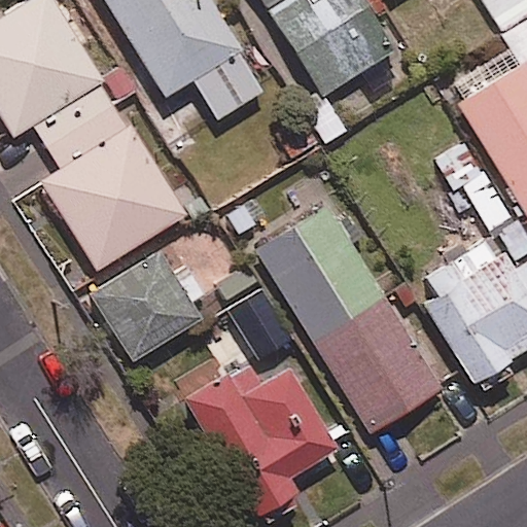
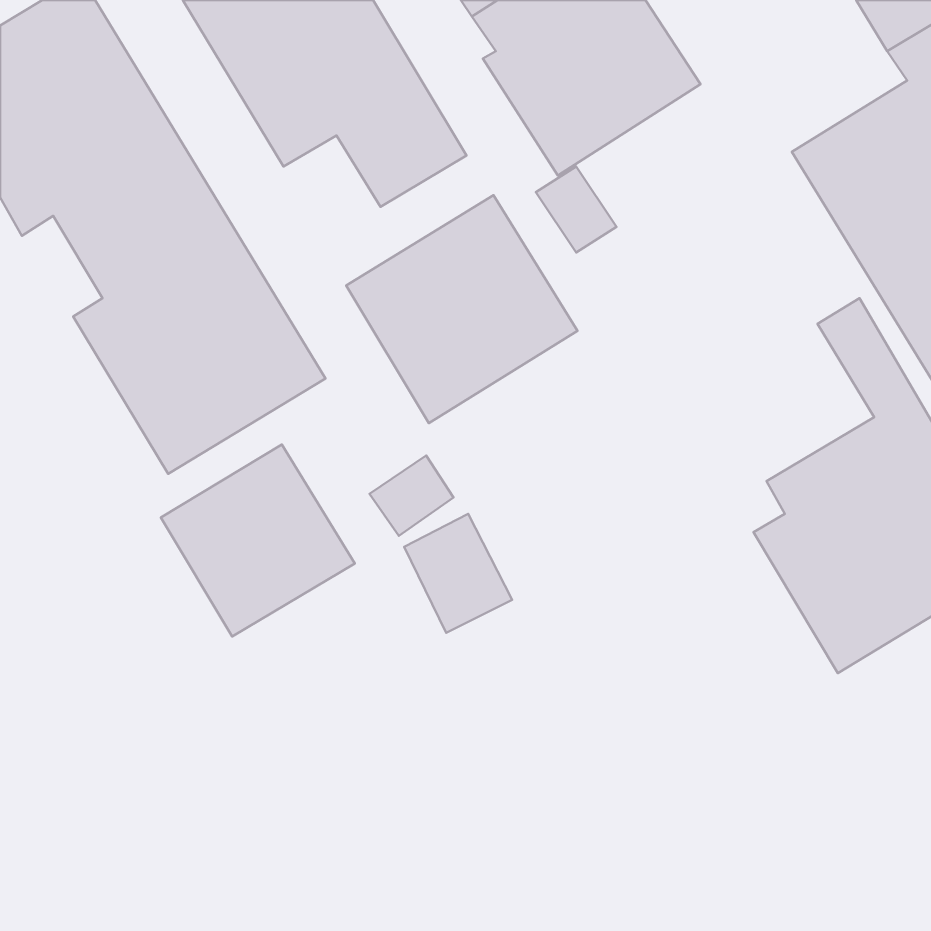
building: none -> [346,195,578,423]
building: [257,206,443,433] -> none
building: [184,364,340,519] -> none

